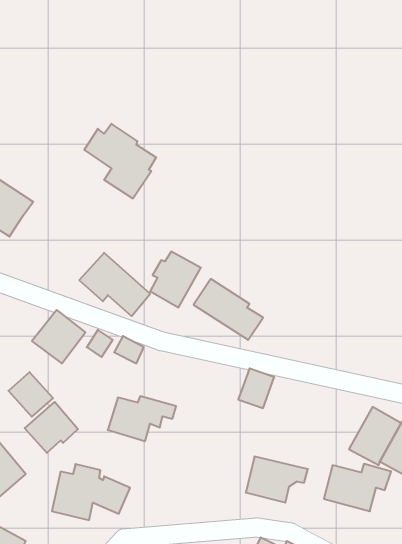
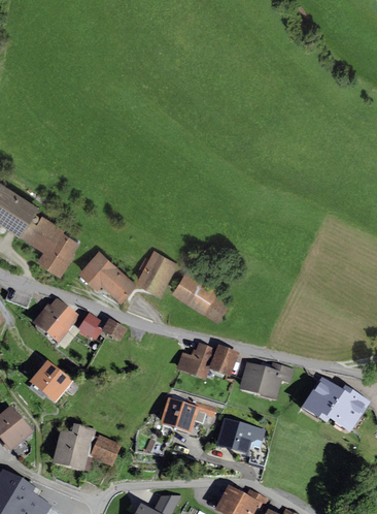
building: [84,124,156,198] -> [19,214,78,276]
building: none -> [175,342,215,380]
building: [108,396,176,441] -> [159,397,215,435]
building: [324,464,391,511] -> [238,361,294,400]

